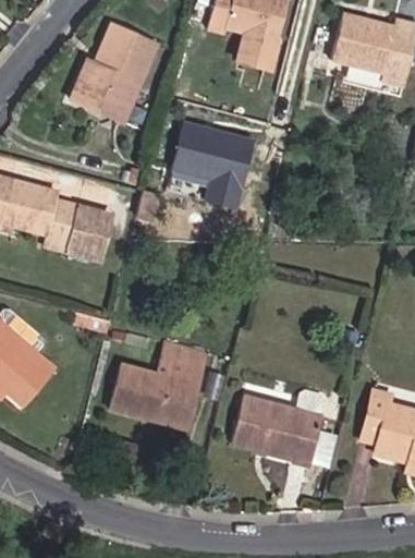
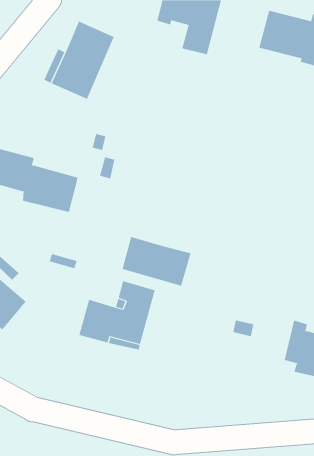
building: [171,122,252,207] -> none
building: none -> [122,236,191,287]
building: [231,396,322,465] -> none

